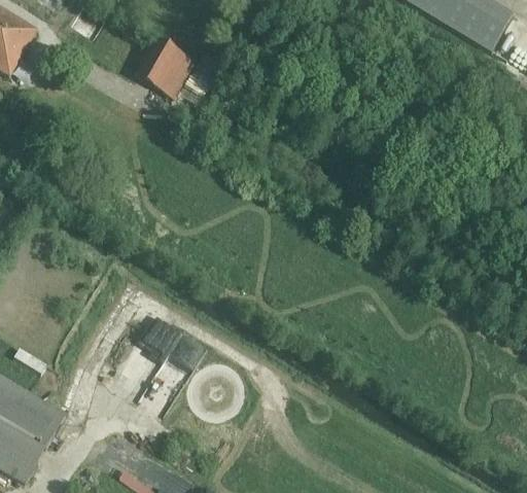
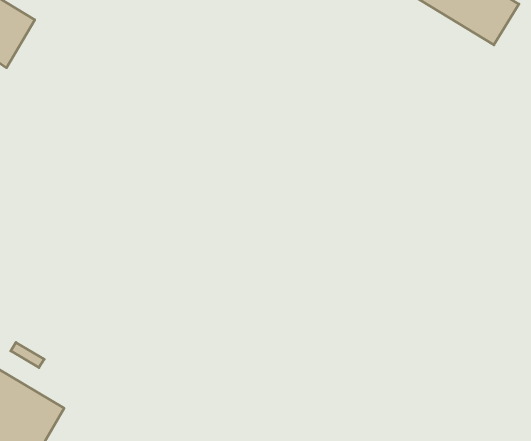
building: [132,35,195,97] -> none

